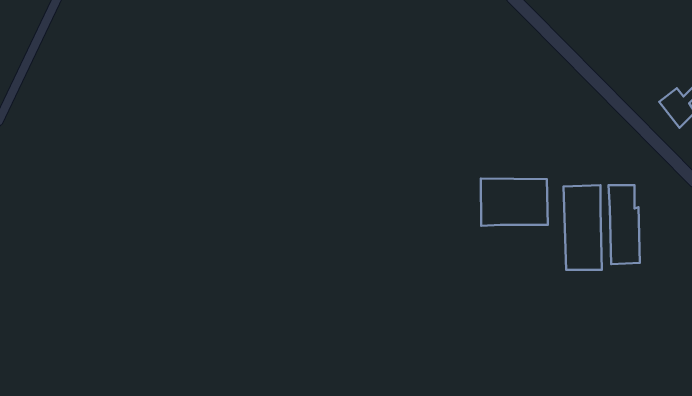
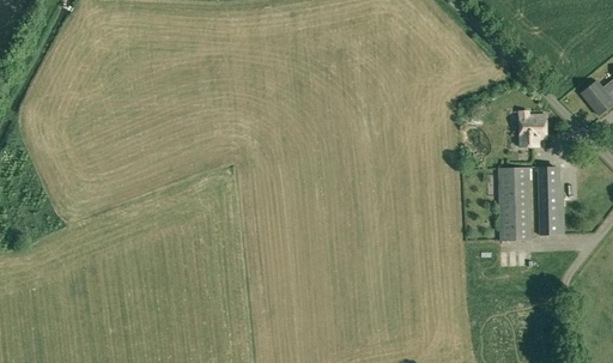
building: none -> [518,111,546,146]
building: [481,178,548,226] -> none

